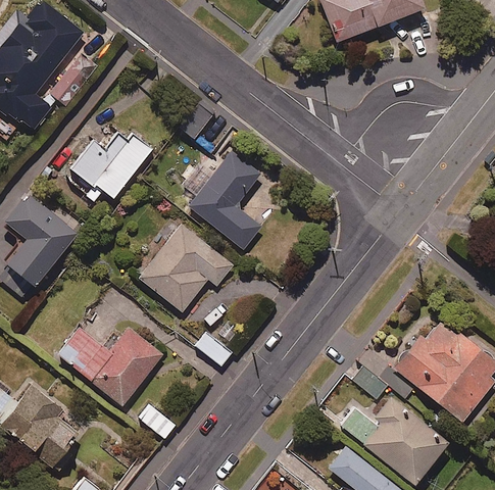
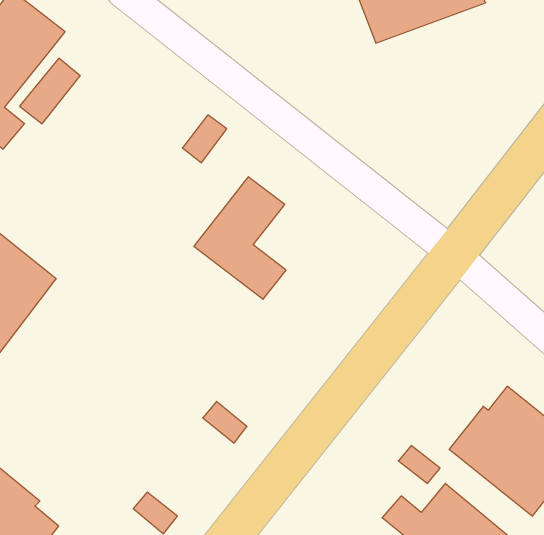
building: [68,131,152,201] -> none
building: [138,224,233,312] -> none
building: [56,328,162,406] -> none

